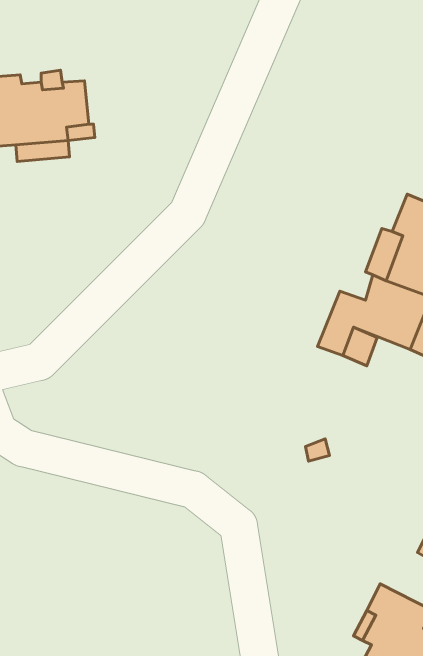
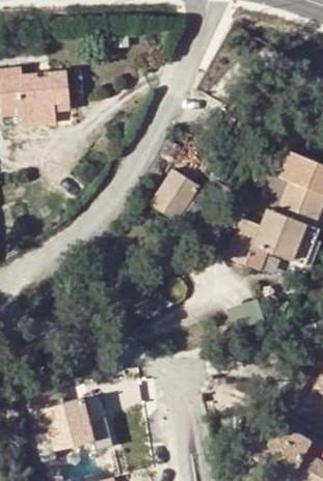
building: none -> [153,171,204,230]
building: none -> [44,400,112,449]

